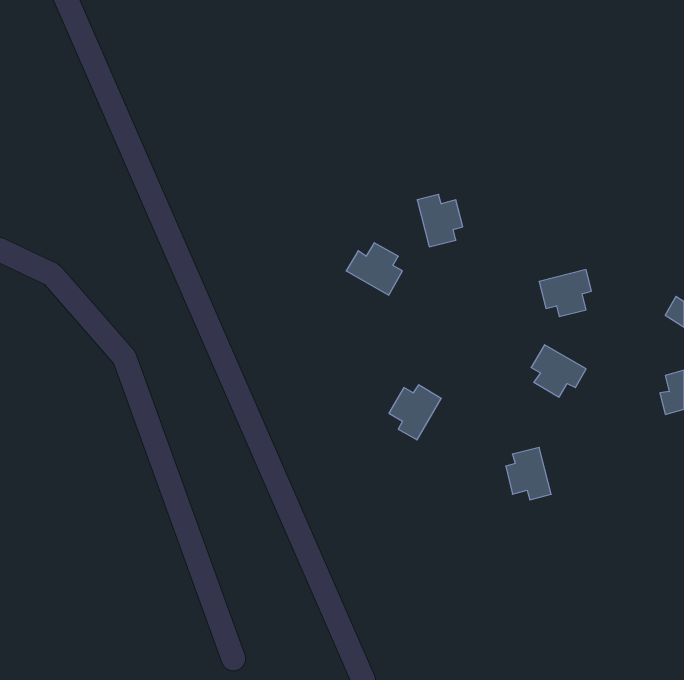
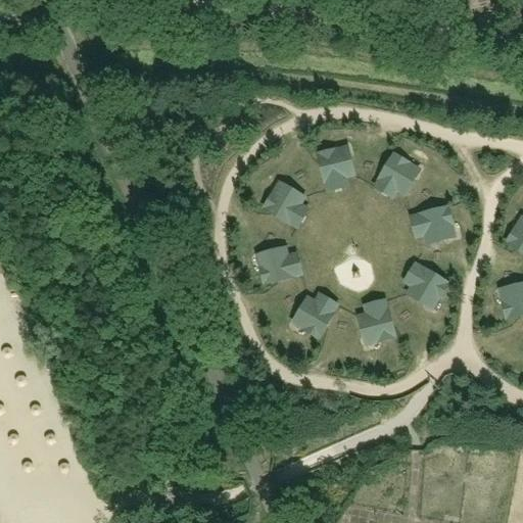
building: none -> [375,152,415,195]
building: none -> [259,246,300,282]
building: [506,447,551,500] -> [359,299,393,339]

